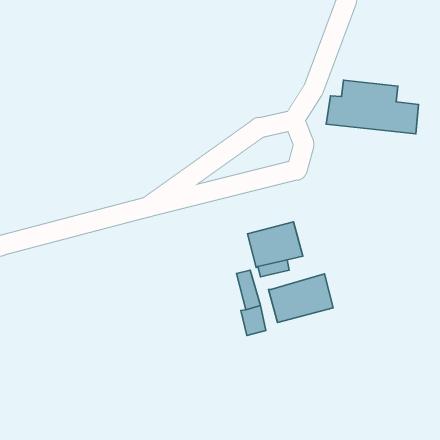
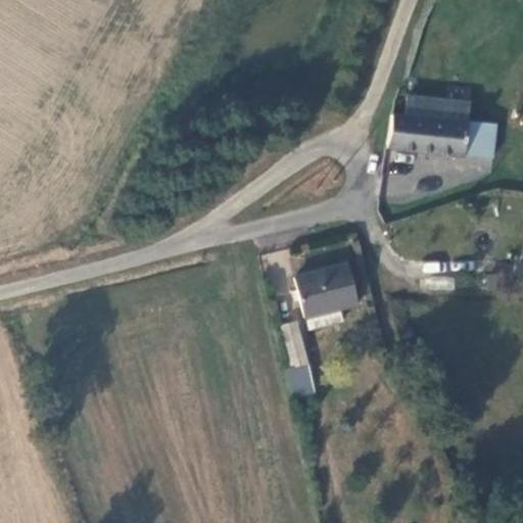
building: [269,274,333,323] -> none

